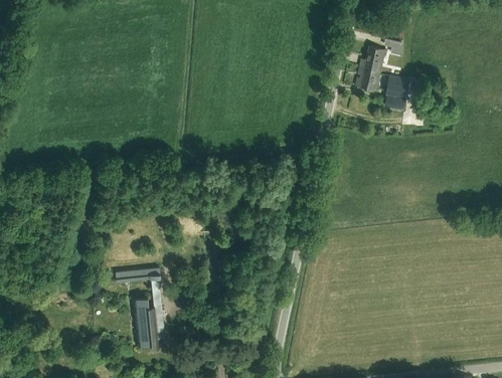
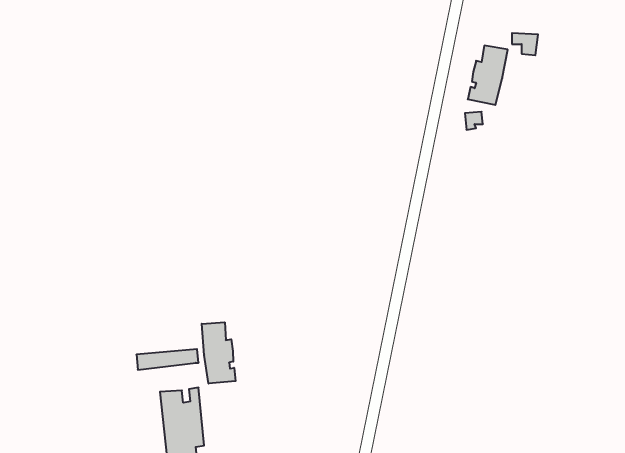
building: [385,74,409,108] -> none
building: none -> [202,322,236,384]

